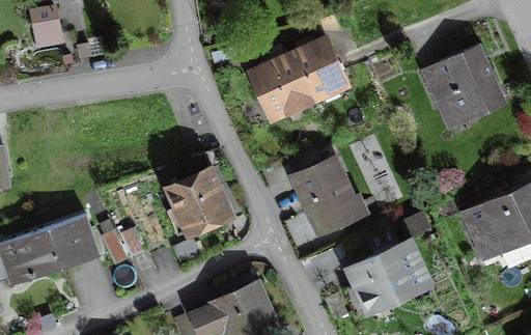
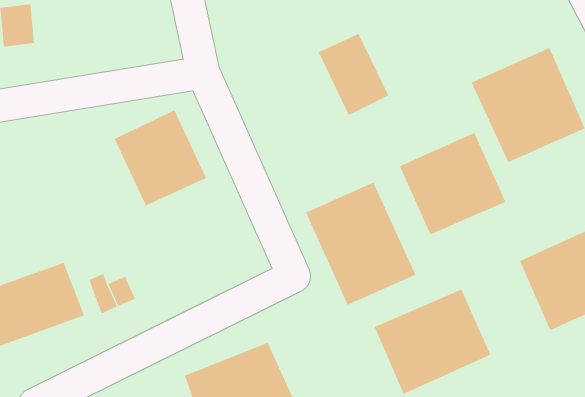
building: [245,45,317,119] -> none
building: none -> [399,132,506,235]
building: [157,164,232,243] -> [114,110,207,206]

